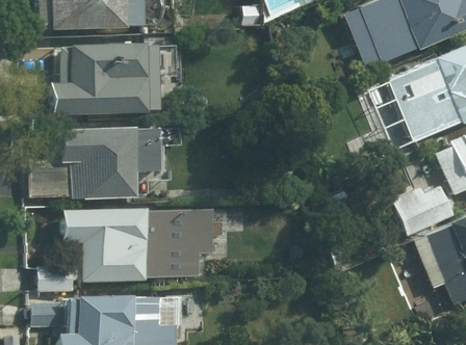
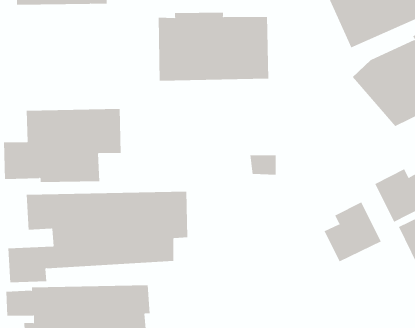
building: none -> [158,12,269,82]
building: [51,46,175,114] -> none
building: none -> [324,202,381,262]

